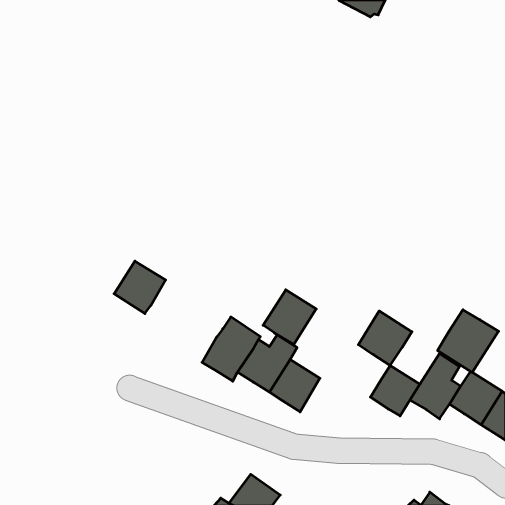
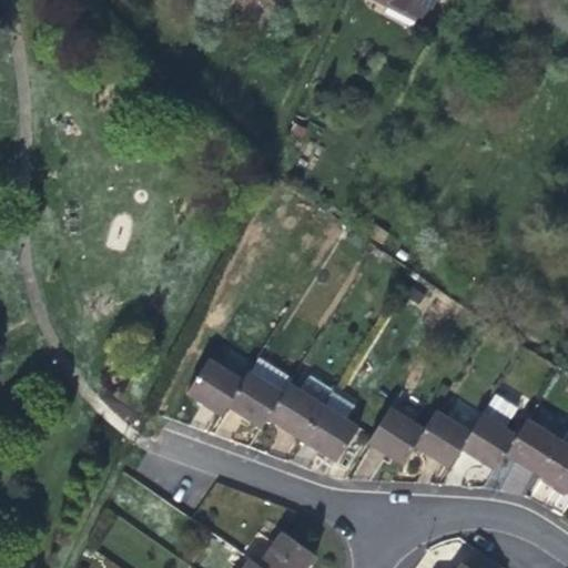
building: [114,261,166,314] -> [186,357,244,416]
building: [263,290,316,344] -> none
building: [438,310,499,372] -> none
building: [358,311,412,365] -> [367,405,427,466]

